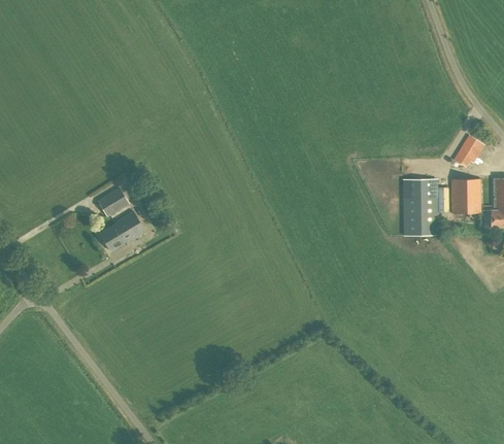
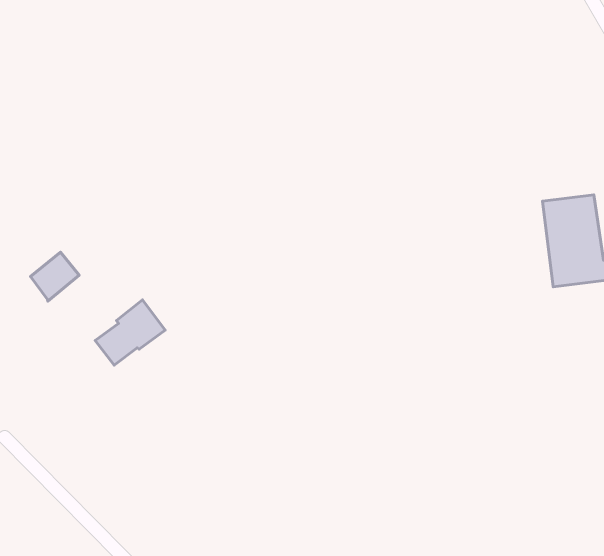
building: [97,187,129,218] -> [30,252,79,301]

